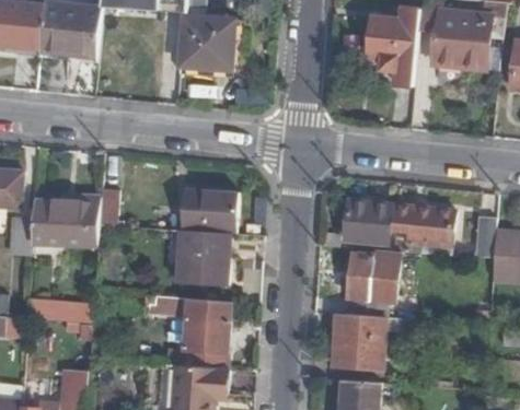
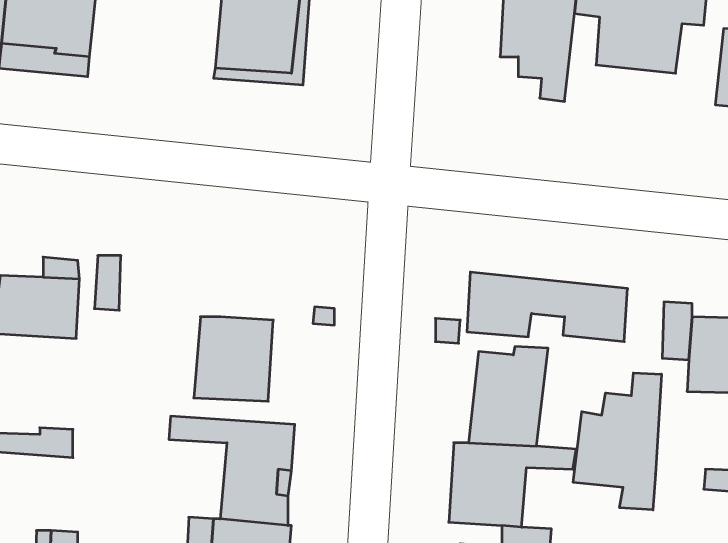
building: [182,189,236,233] -> none
building: none -> [573,373,661,510]

